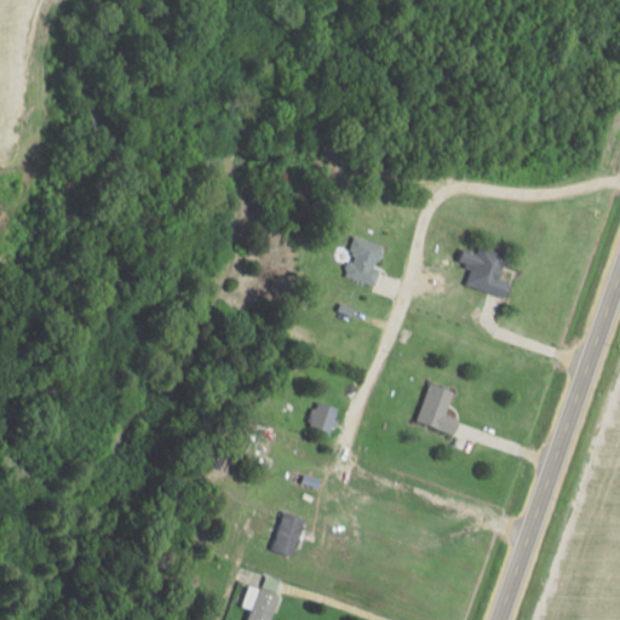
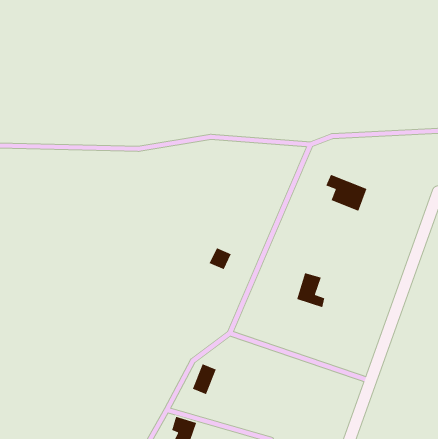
building: [341,236,385,285] -> none
building: [306,401,339,434] -> [209,247,232,270]

